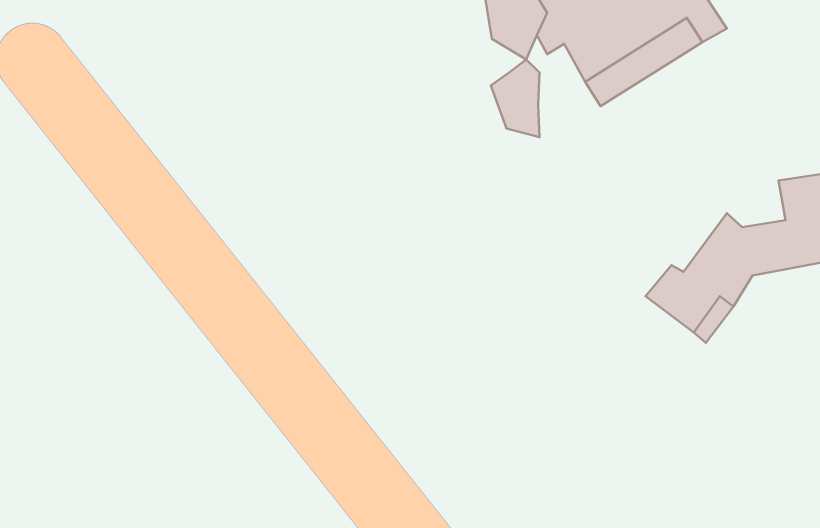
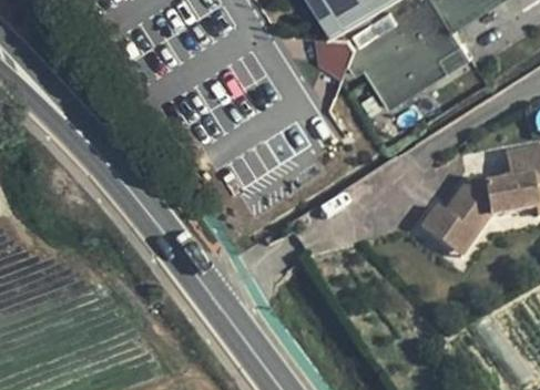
building: [491,59,539,137] -> none

